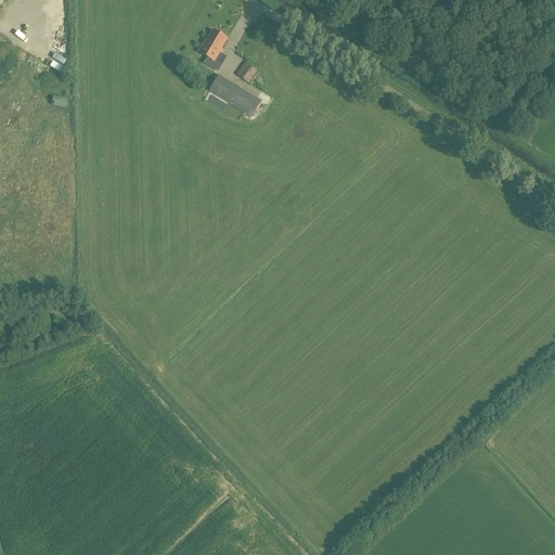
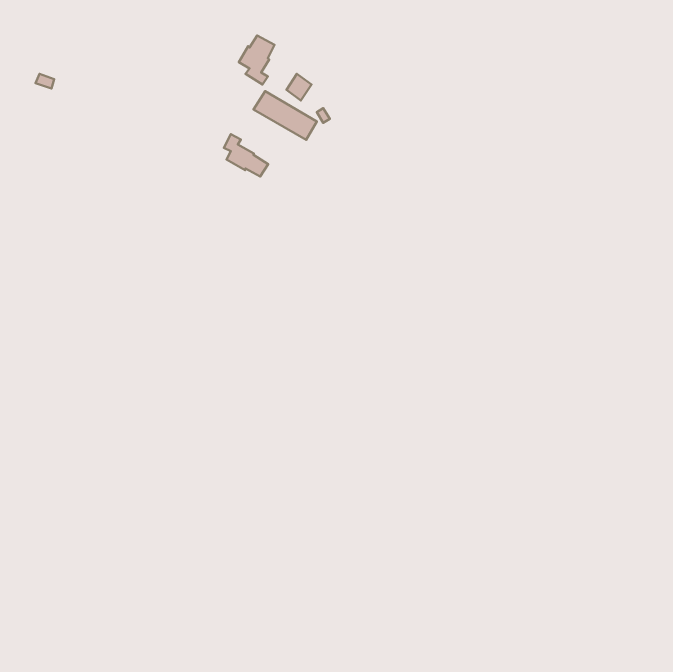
building: none -> [224,134,268,176]

